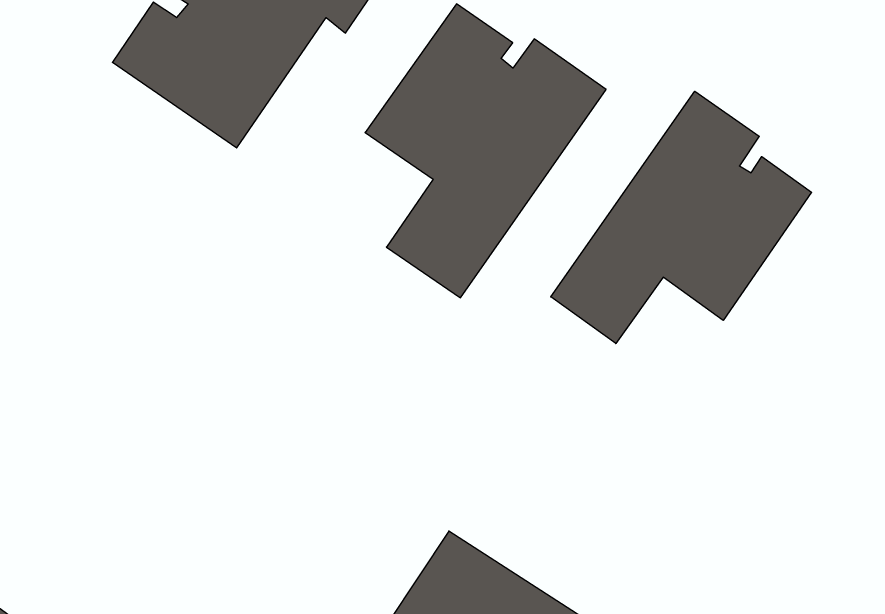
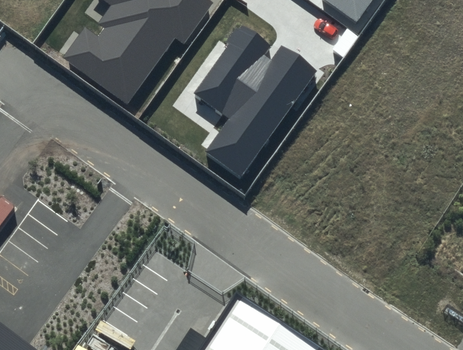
building: [551,91,812,344] -> none

